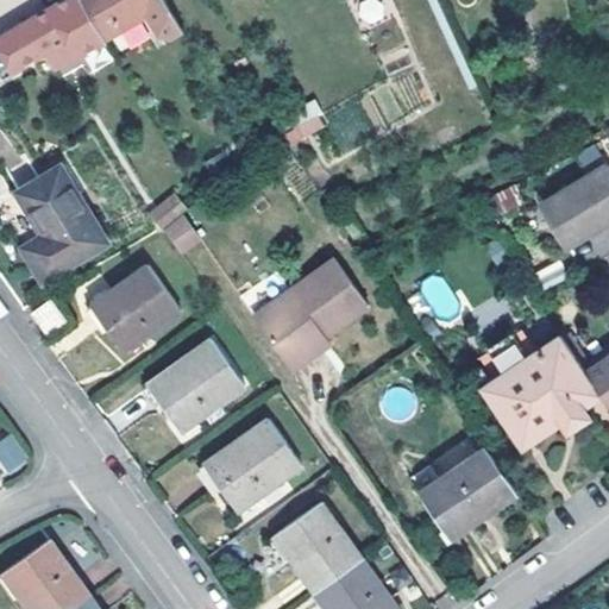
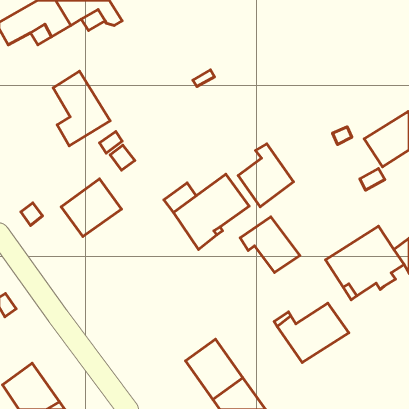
building: [18,169,102,280] -> [53,71,110,146]
building: none -> [238,144,294,207]
building: none -> [240,217,300,273]
building: [147,341,244,432] -> none
building: [205,422,301,511] -> none

